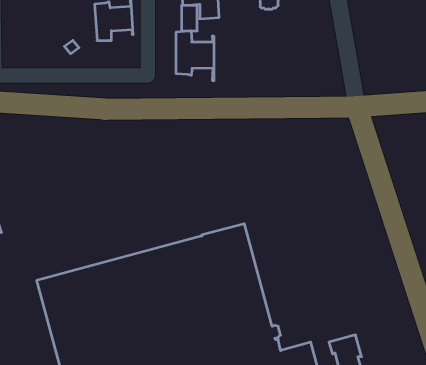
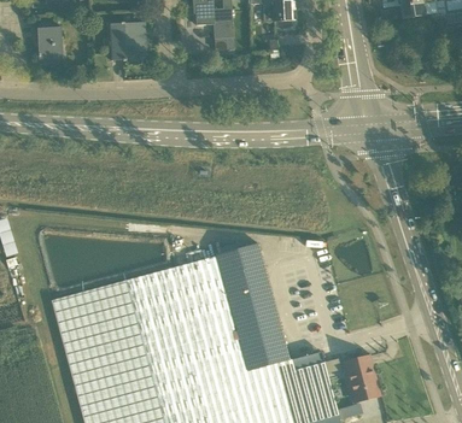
building: none -> [36,27,63,64]
building: [176,31,214,81] -> none

